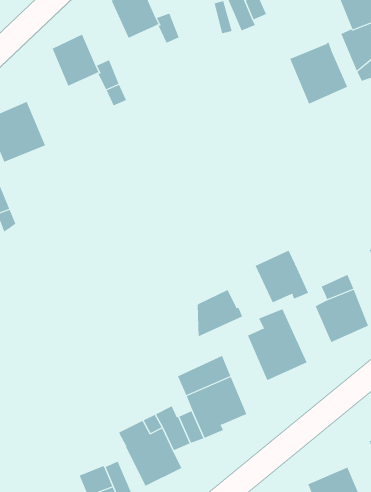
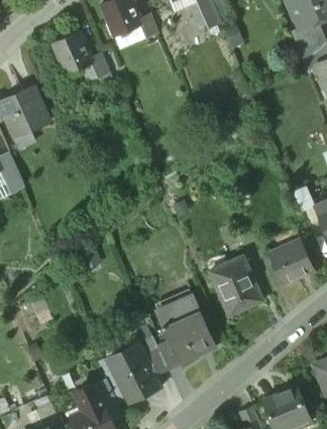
building: [290,41,348,105] -> none
building: [255,250,309,303] -> none
building: [197,289,243,337] -> none

